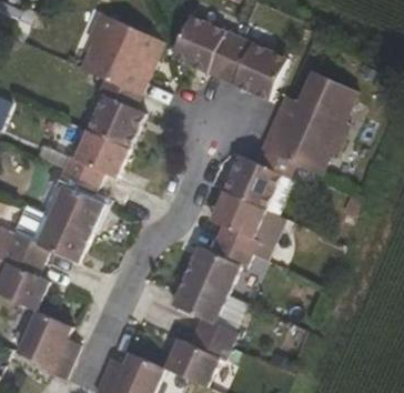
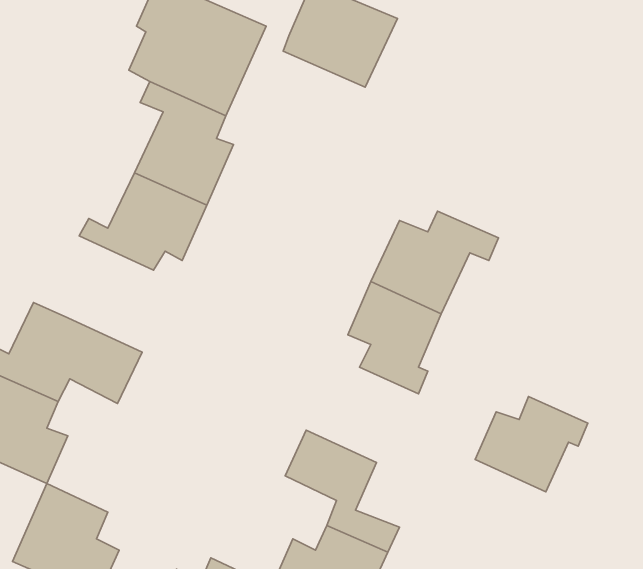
building: [221,37,289,98] -> none
building: [263,71,361,175] -> none
building: [48,163,103,231] -> none
building: [186,240,252,295] -> [475,396,588,492]

